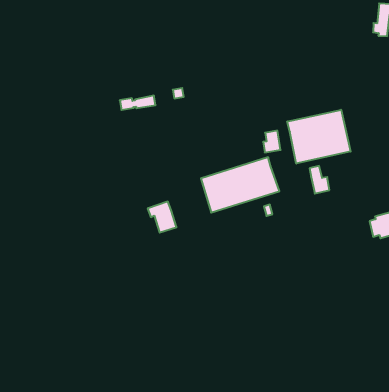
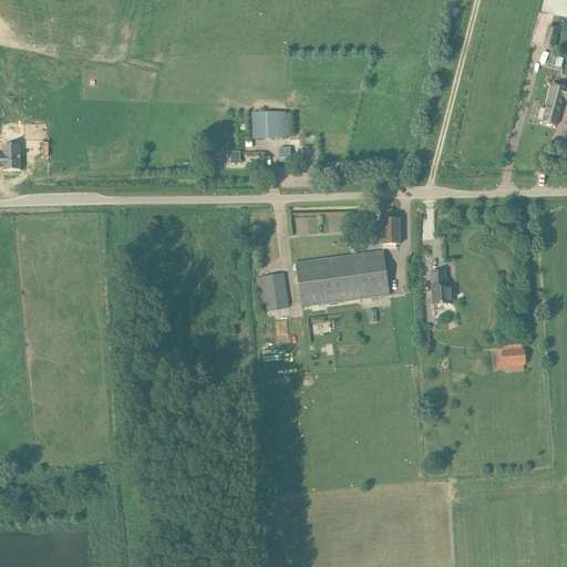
building: none -> [251,111,284,138]
building: [287,110,351,164] -> none
building: [148,202,177,233] -> [257,272,289,309]

